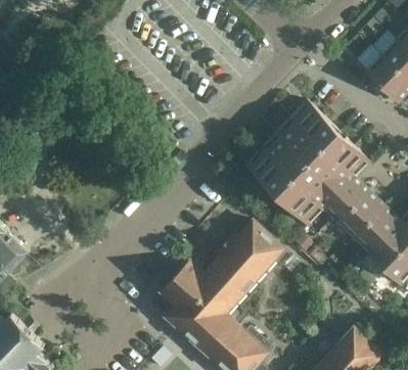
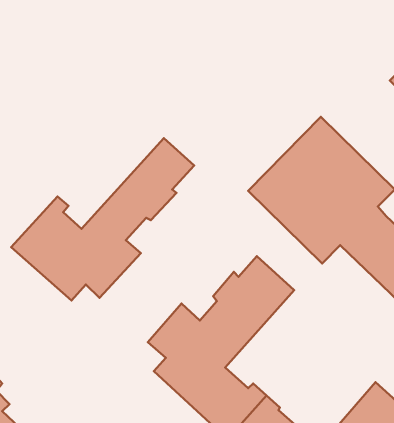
building: none -> [11,138,194,300]

